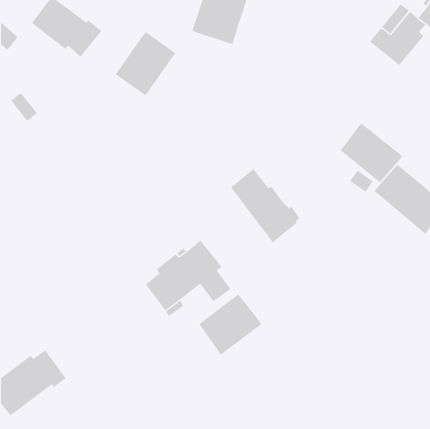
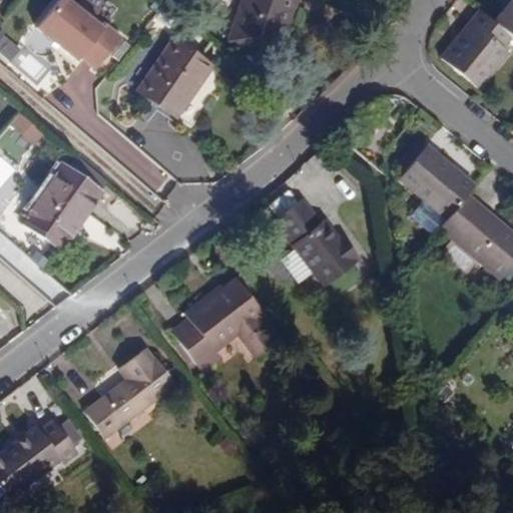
building: none -> [21,162,101,246]
building: none -> [90,343,178,432]
building: [198,294,262,356] -> none

